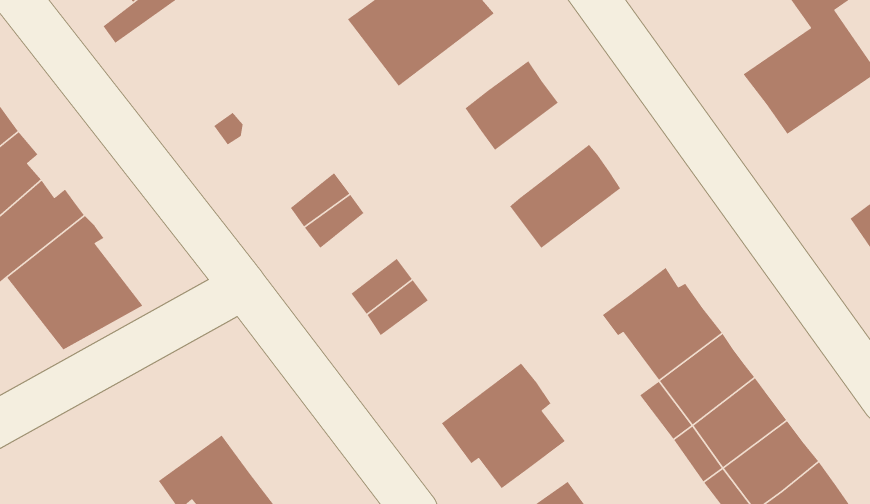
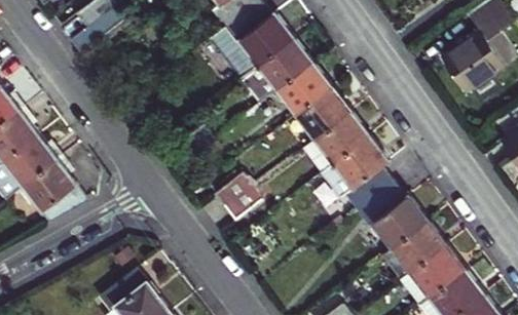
building: none -> [237,31,312,99]
building: none -> [293,82,347,133]
building: [441,363,566,489] -> [320,131,392,204]

